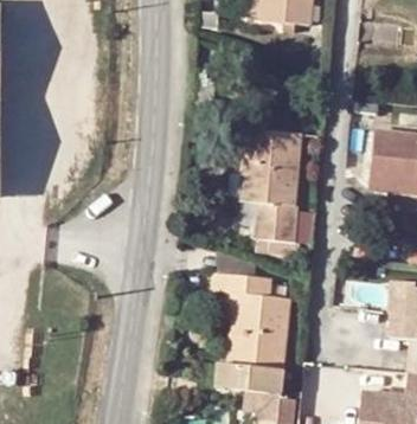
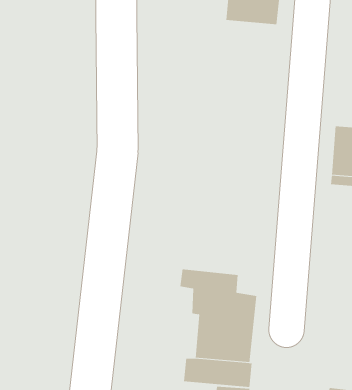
building: [242,128,302,238] -> none

